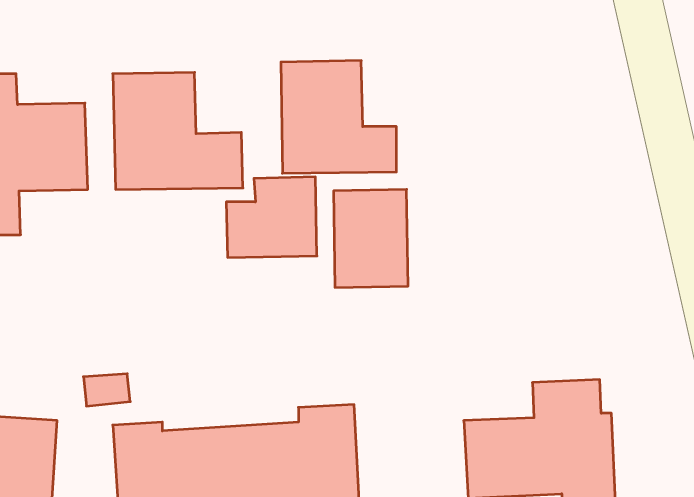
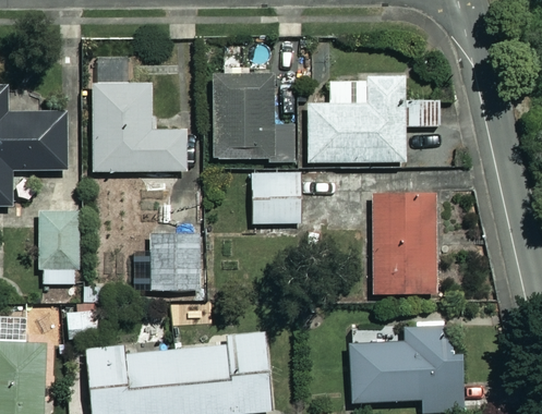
building: none -> [308,76,439,162]
building: [226,177,317,257] -> [132,231,200,291]
building: none -> [357,192,434,294]
building: none -> [37,210,81,283]

